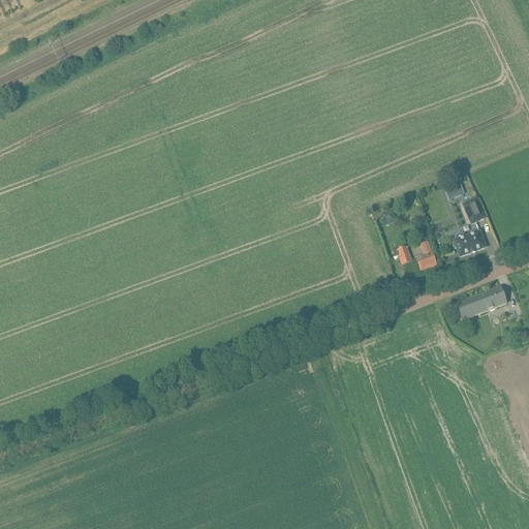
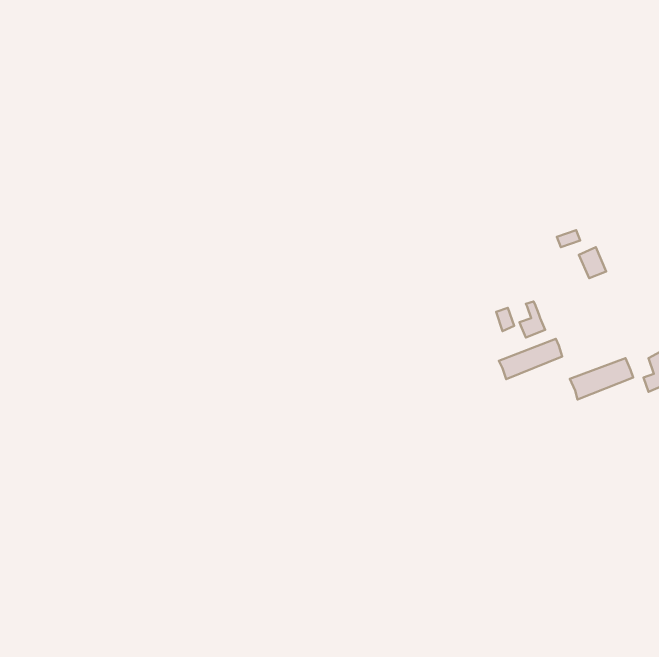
building: [455,230,487,255] -> none
building: none -> [499,339,562,379]

